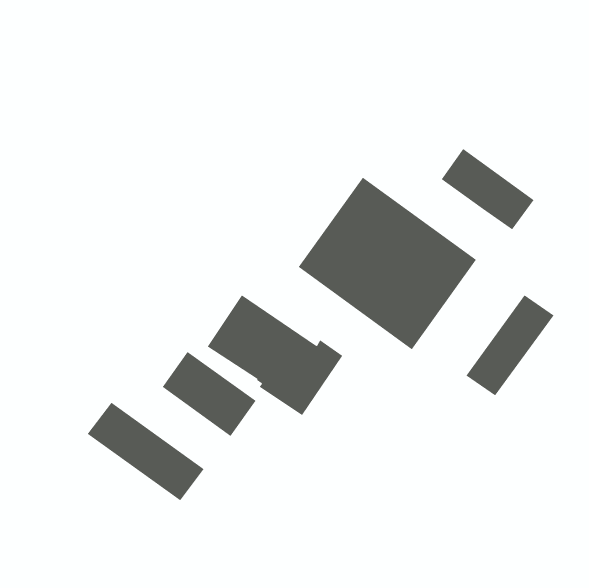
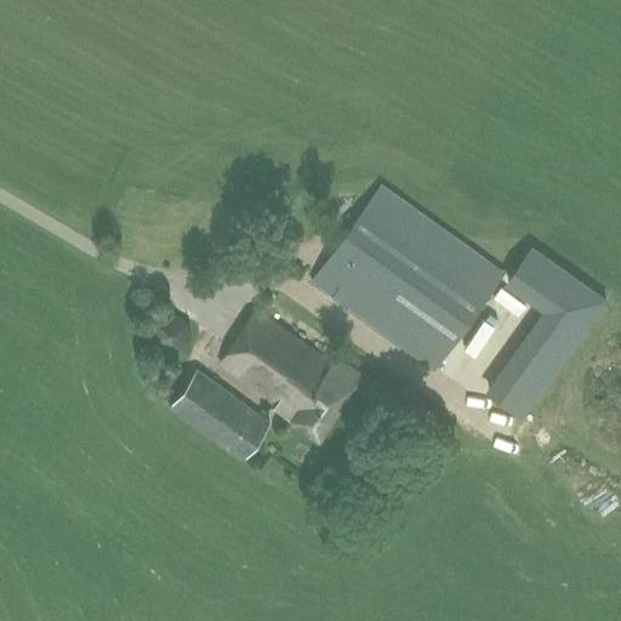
building: [441,148,534,230] -> [508,247,606,334]
building: [87,402,205,501] -> none

